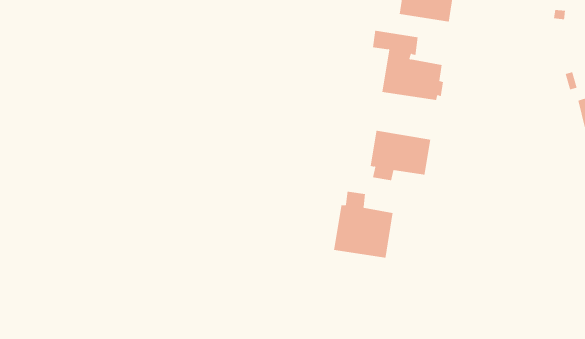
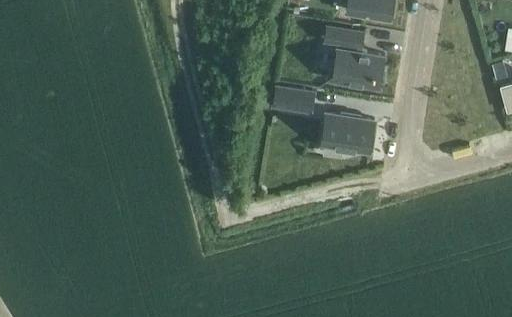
building: none -> [274,87,315,113]
building: [334,191,393,259] -> none

